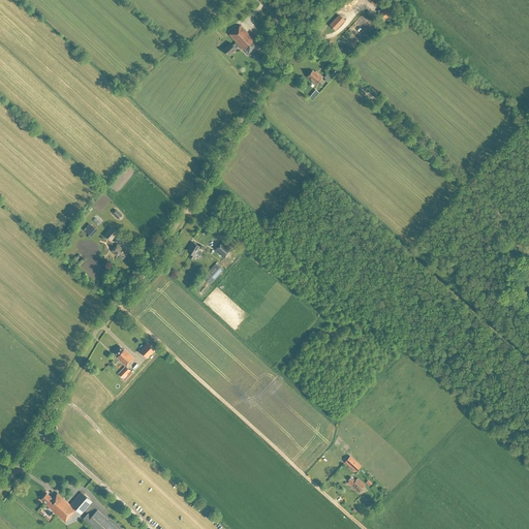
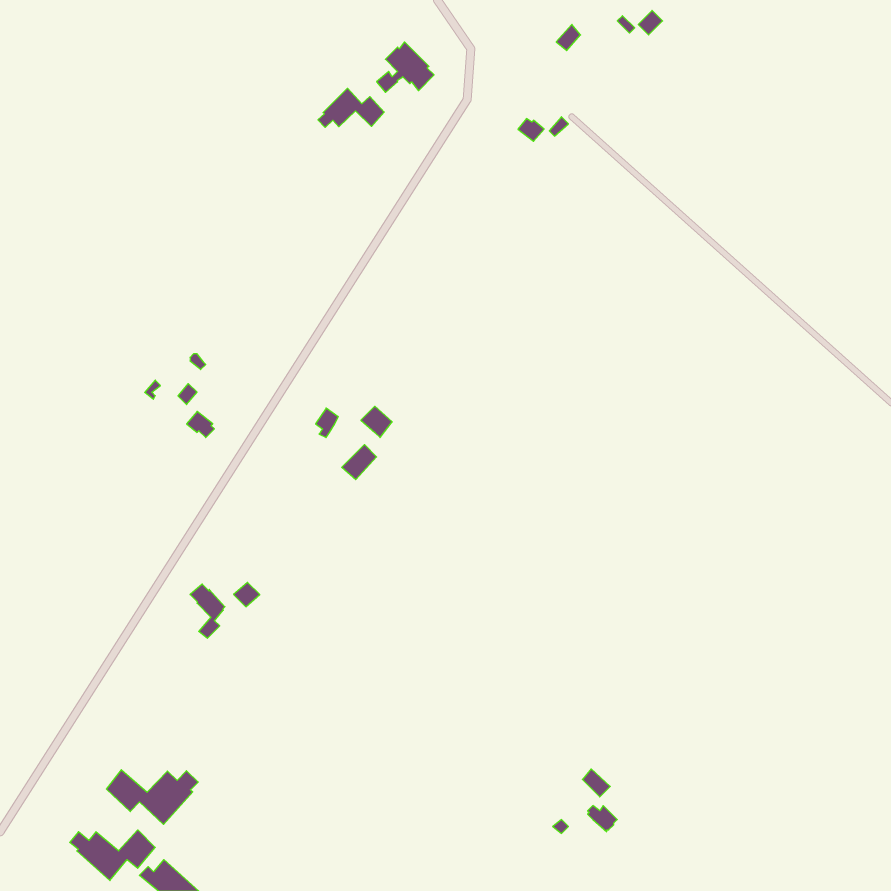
building: none -> [318,88,384,127]
building: none -> [106,770,198,824]

